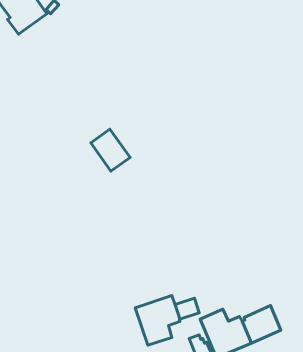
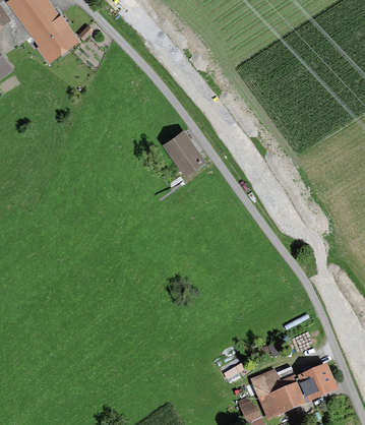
building: [91,129,130,171] -> [162,129,205,176]
building: [135,295,180,345] -> none

